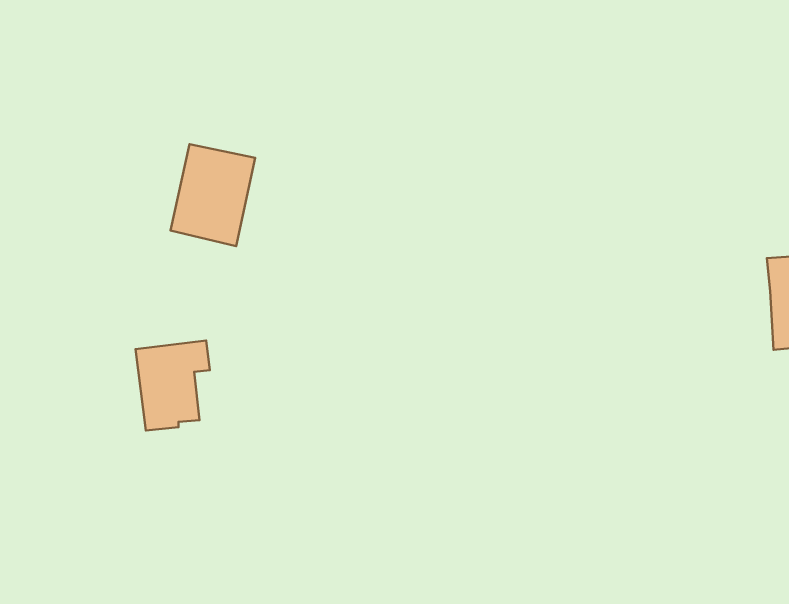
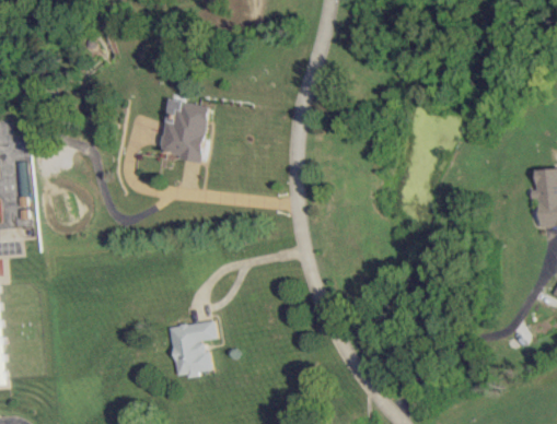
building: [135,341,210,431] -> [169,320,216,377]

